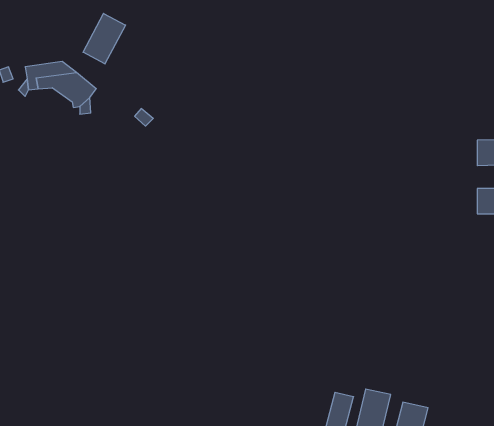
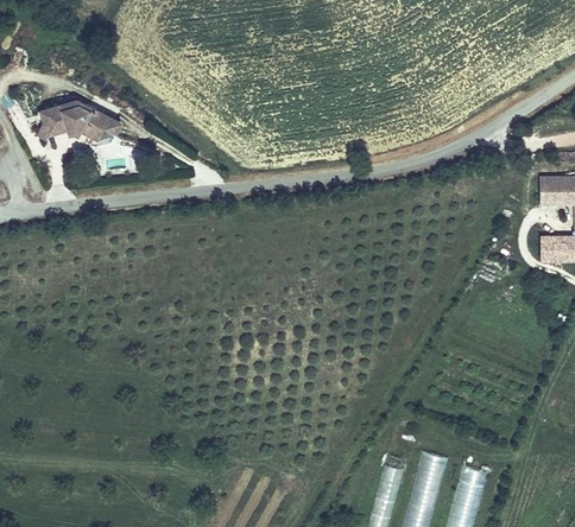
building: [83,13,126,64] -> none

